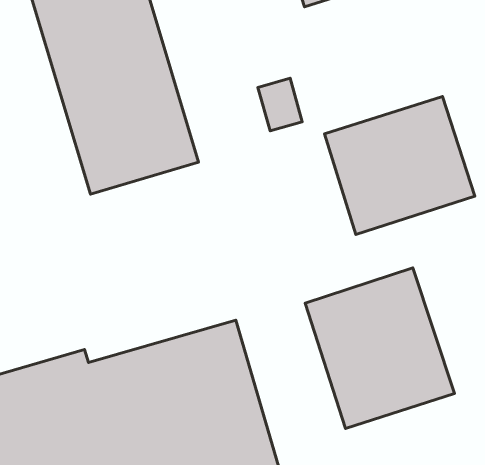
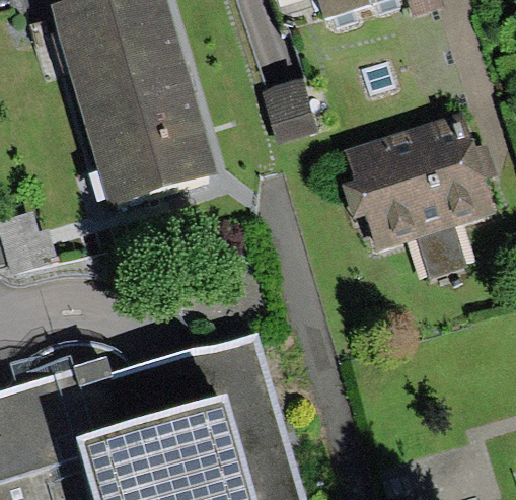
building: [305,268,454,429] -> none

